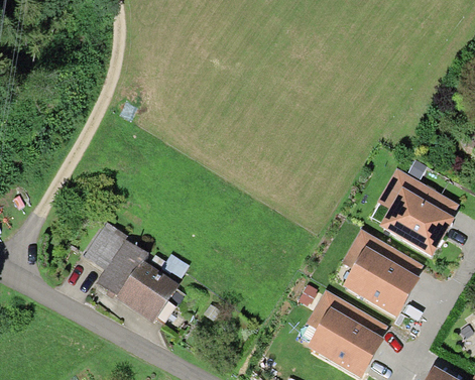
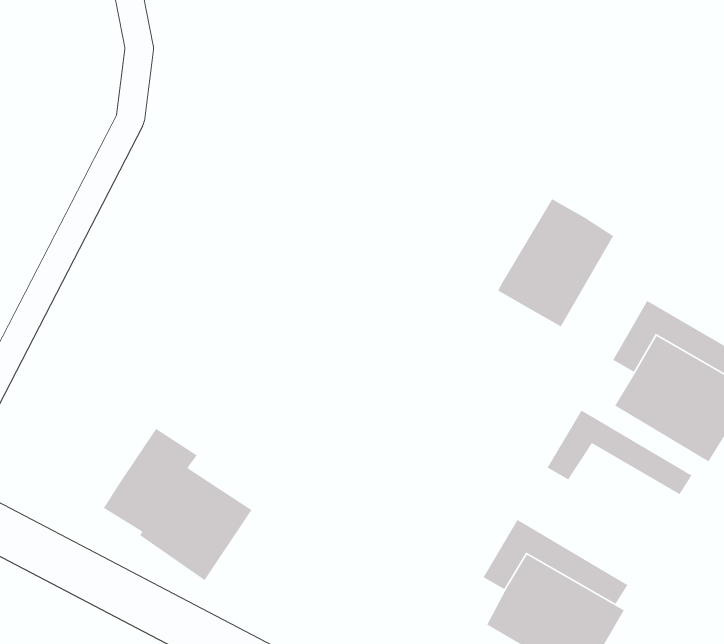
building: none -> [497,198,614,328]
building: [84,223,127,269] -> none
building: [343,248,419,318] -> none

